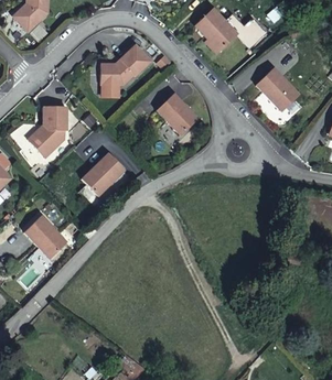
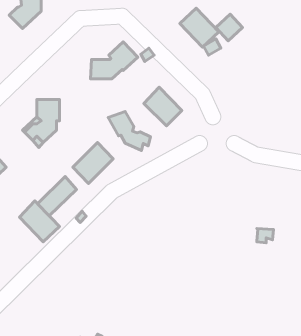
building: [255,65,298,108] -> none
building: none -> [108,112,150,150]
building: none -> [38,177,77,216]

